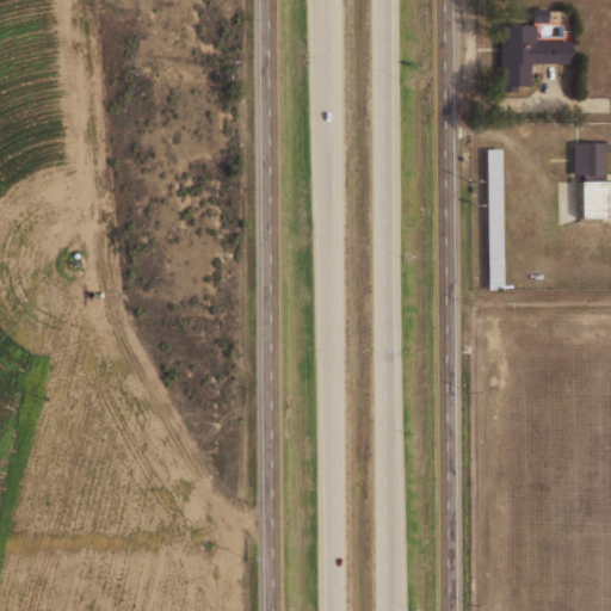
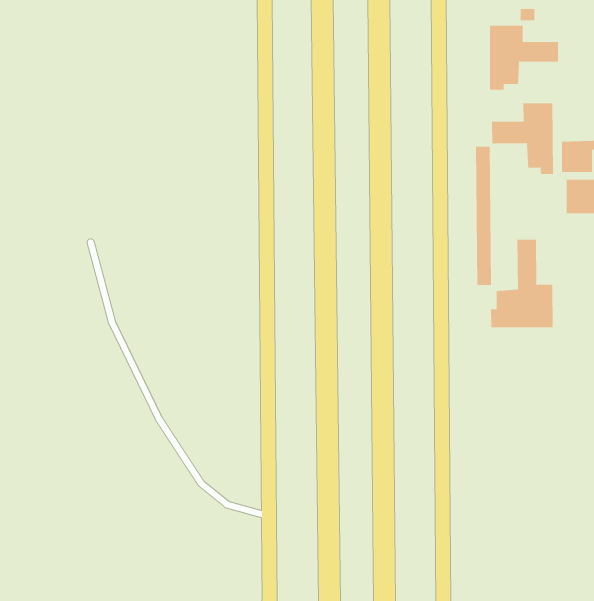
building: none -> [491,102,554,175]
building: none -> [490,239,553,328]

